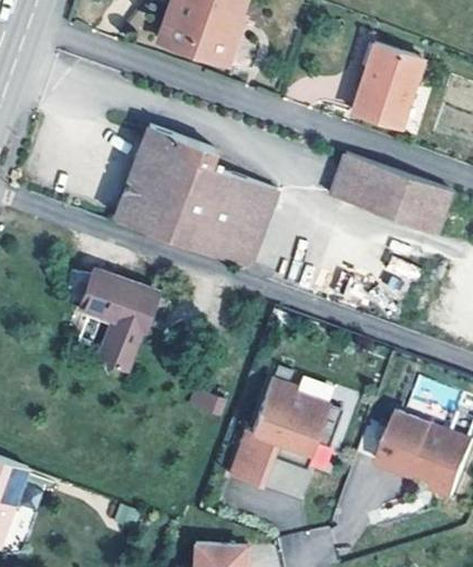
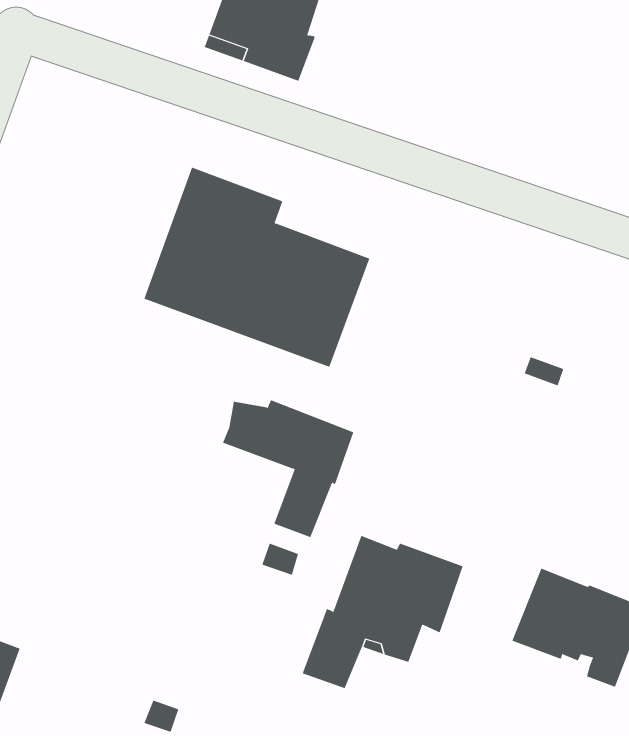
building: [351,43,422,127] -> none
building: [330,153,450,231] -> none
building: [62,269,156,368] -> [222,399,354,538]

